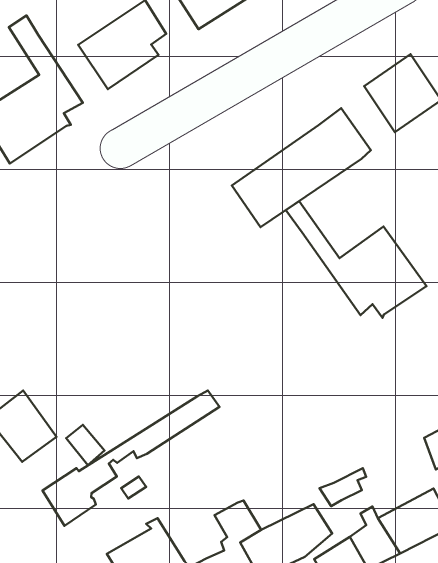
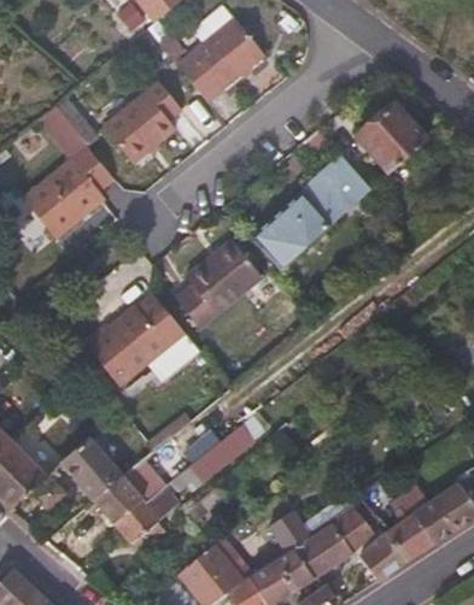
building: none -> [175,240,261,328]
building: [286,201,426,318] -> none
building: none -> [86,295,183,386]
building: none -> [94,474,142,522]

